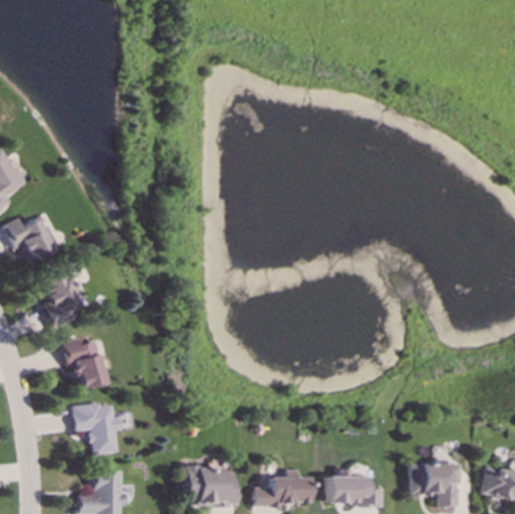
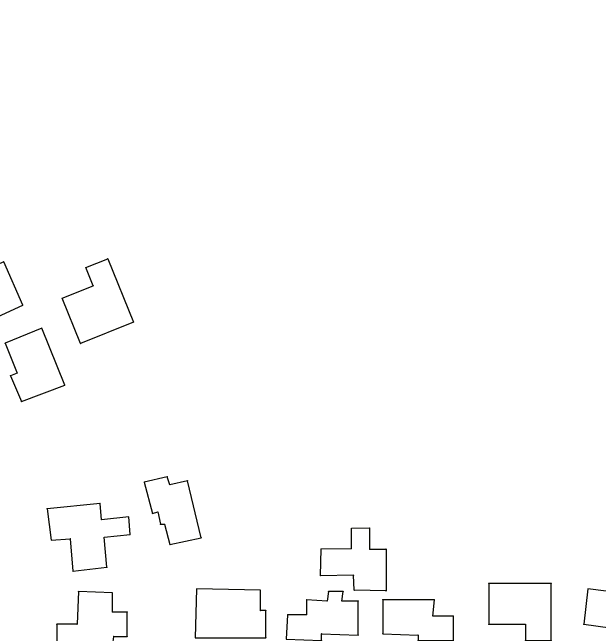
building: none -> [62,259,133,344]
building: [62,337,105,389] -> [144,477,201,545]
building: none -> [320,528,386,591]

